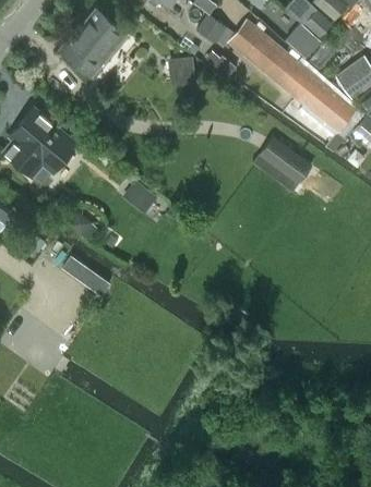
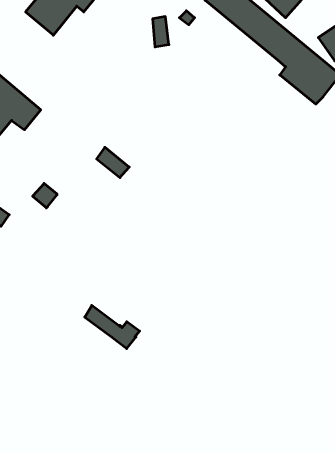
building: [259,138,311,185] -> none
building: [63,257,115,297] -> [85,305,140,349]

